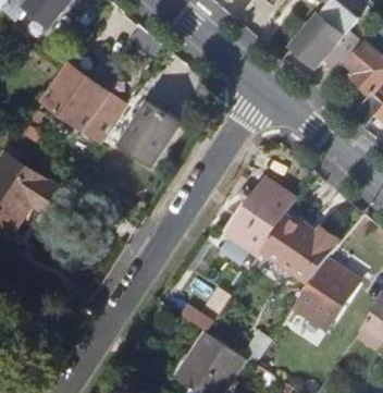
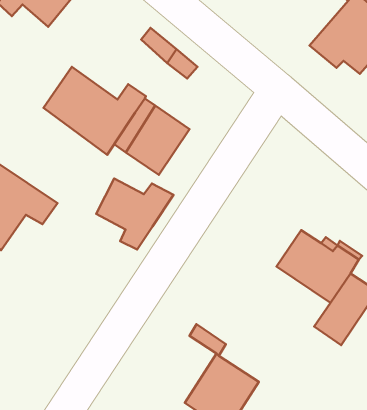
building: none -> [96,179,174,250]
building: [224,176,295,256] -> none

